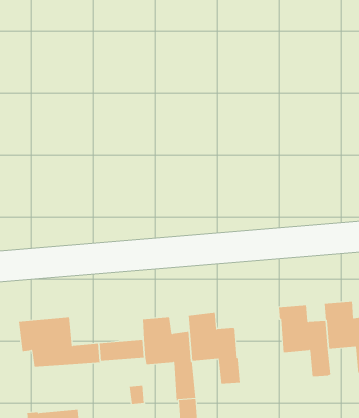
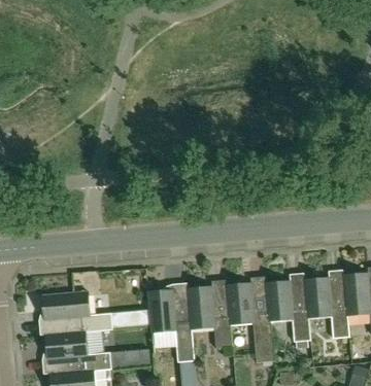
building: none -> [226,283,273,362]
building: none -> [46,331,111,373]

